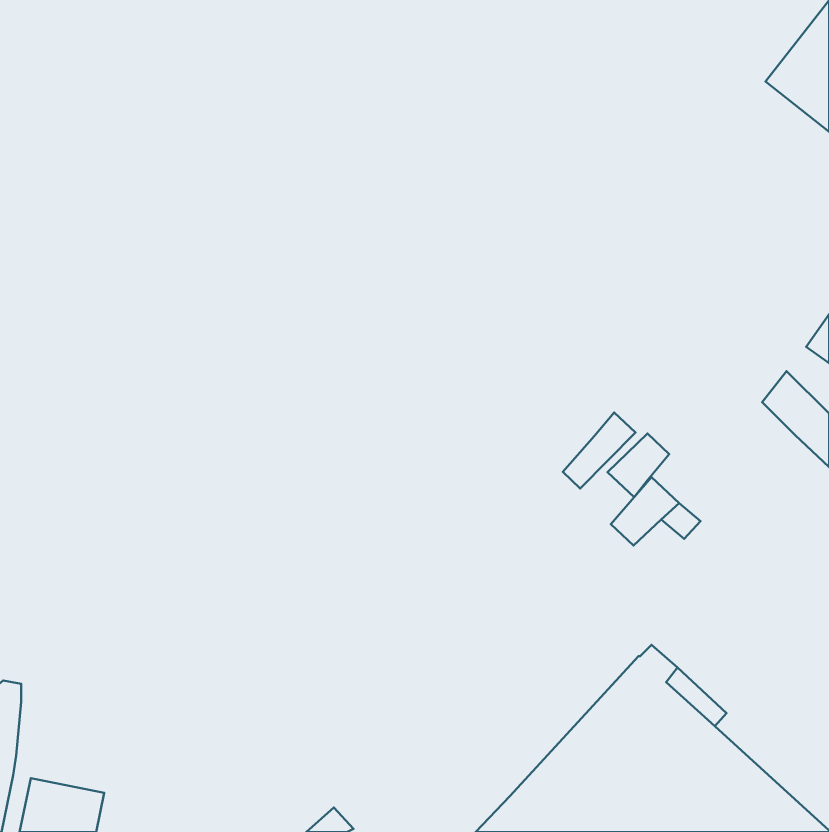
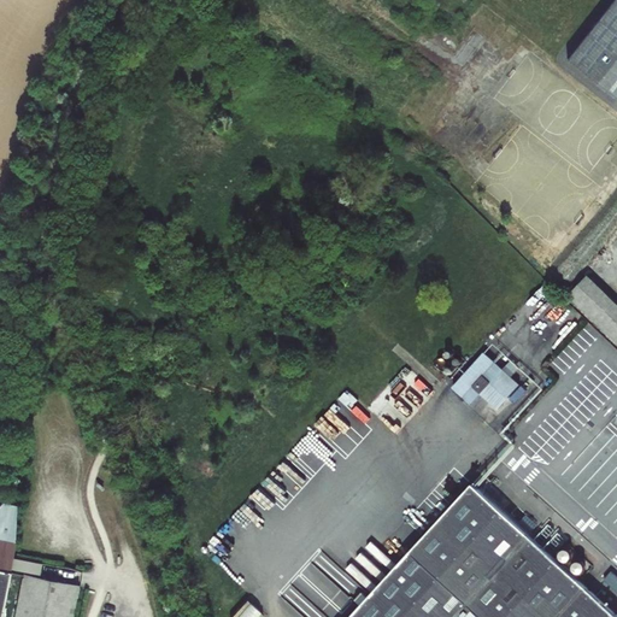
building: [563,413,636,488] -> none
building: [607,433,669,497] -> none

